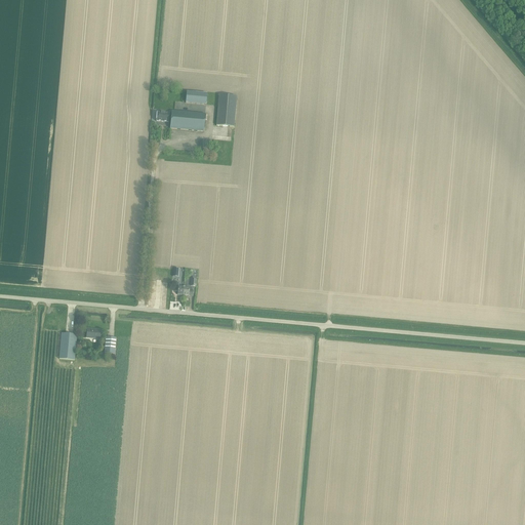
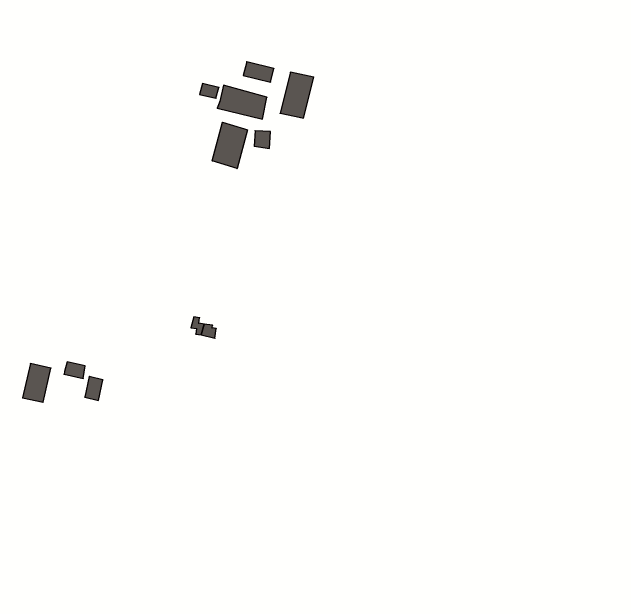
building: none -> [212,122,247,169]

